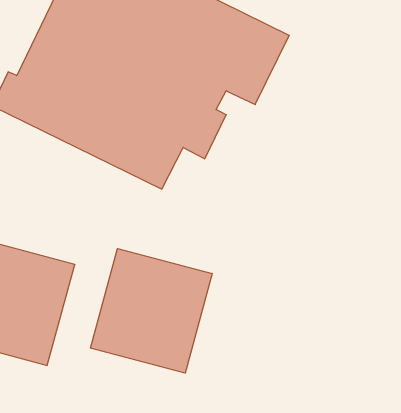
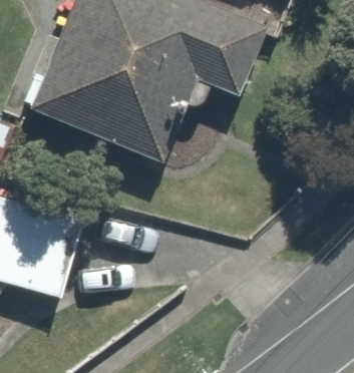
building: [91,249,212,373] -> none

